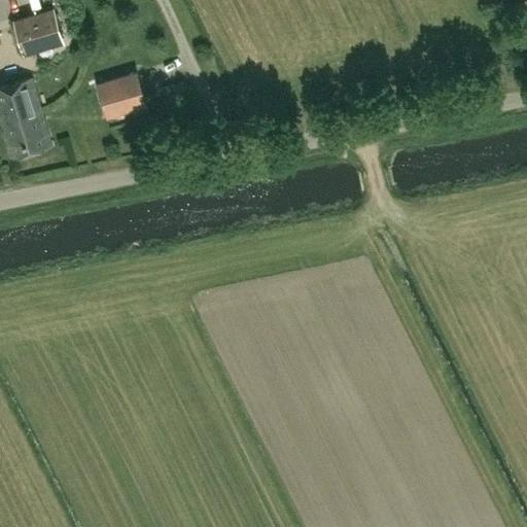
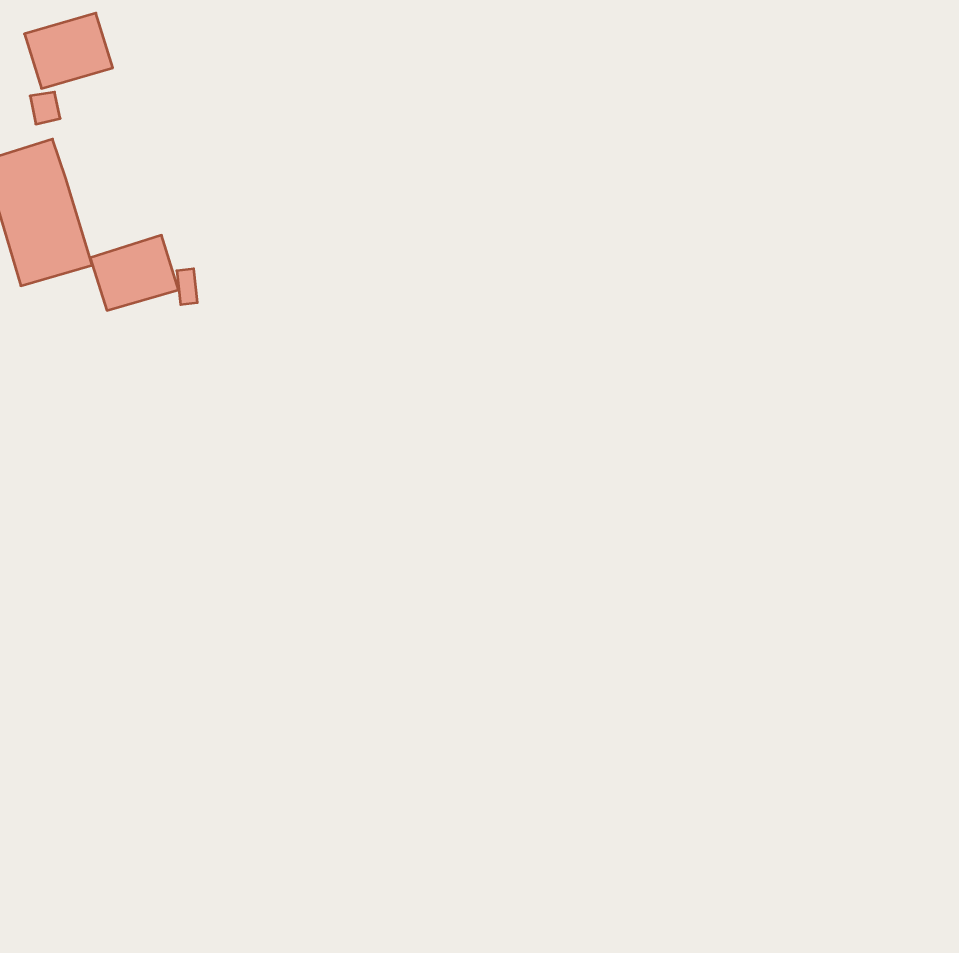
building: [97,74,145,115] -> [90,235,178,310]

